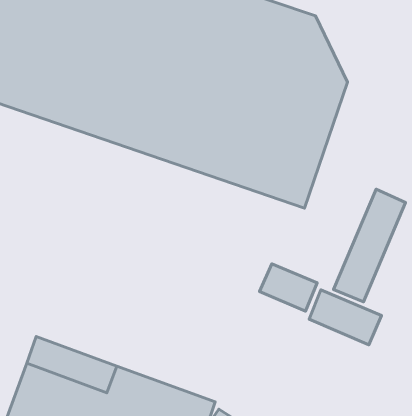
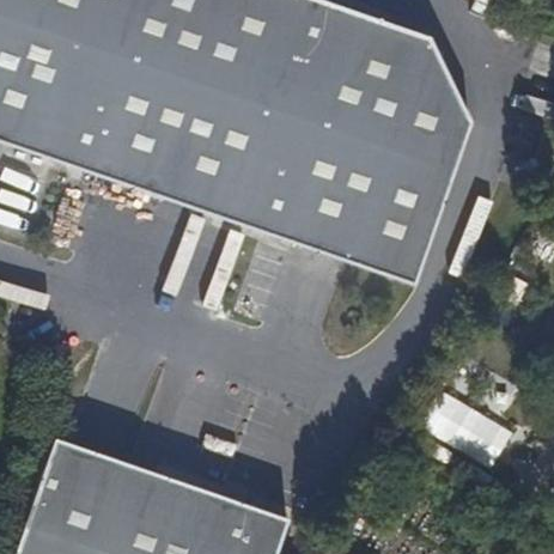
building: [334,189,405,302] -> none
building: [260,264,317,311] -> none

